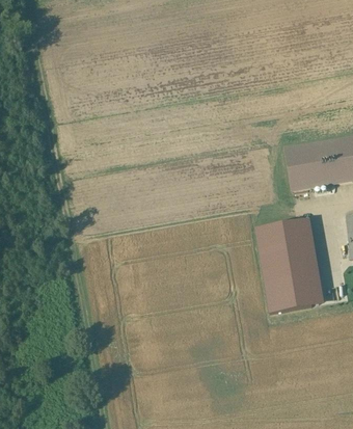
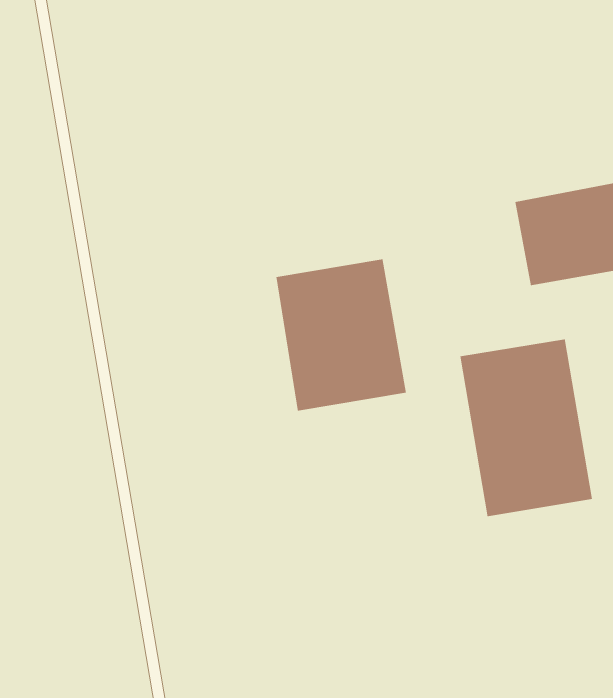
building: none -> [276,259,407,412]

